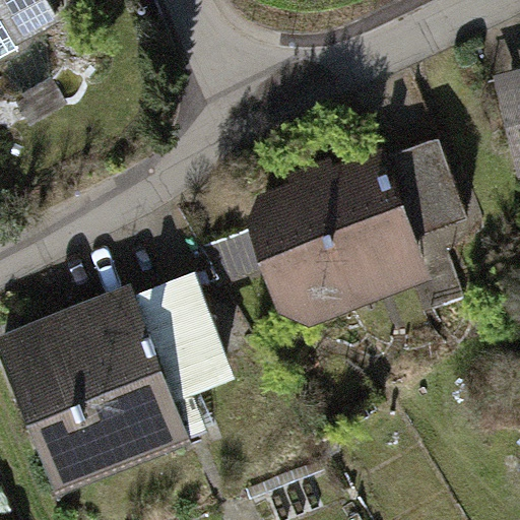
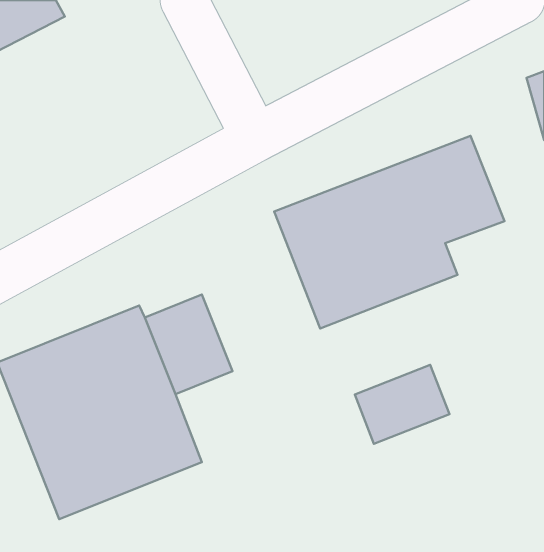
building: none -> [355,365,449,444]

